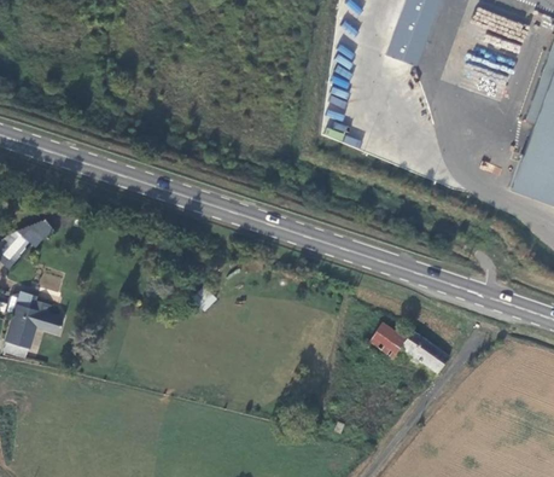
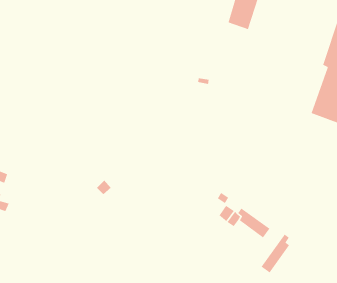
building: none -> [260,234,290,274]

